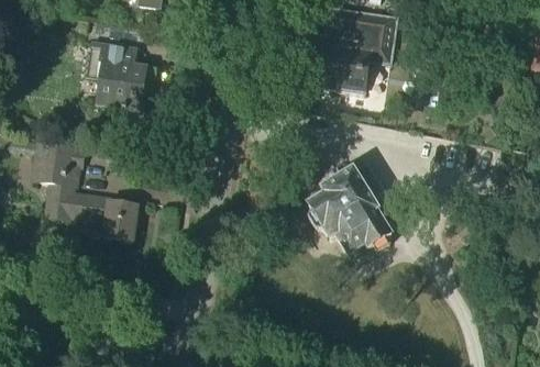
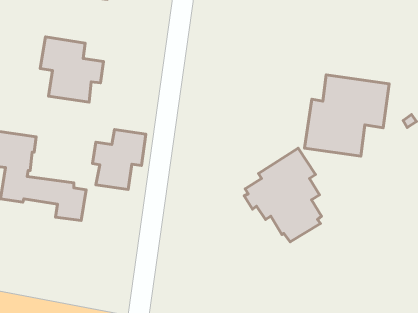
building: [306,7,397,94] -> [305,75,389,156]
building: none -> [93,130,146,190]

